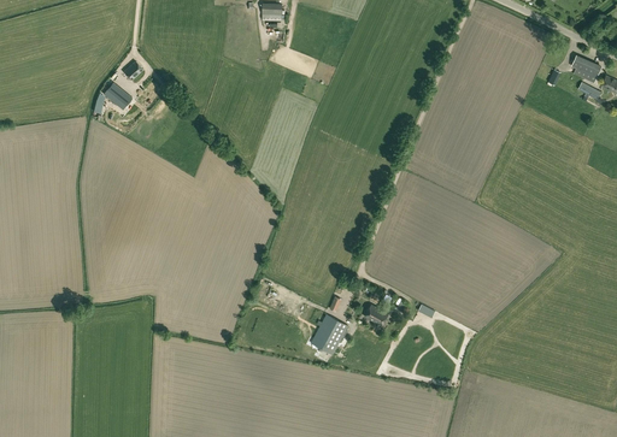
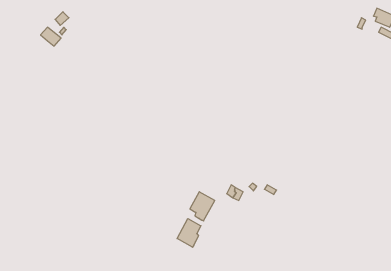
building: none -> [177,219,201,247]

